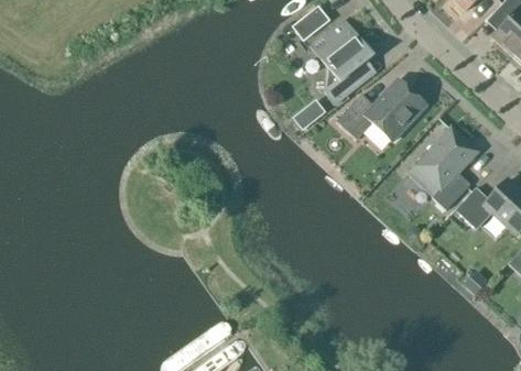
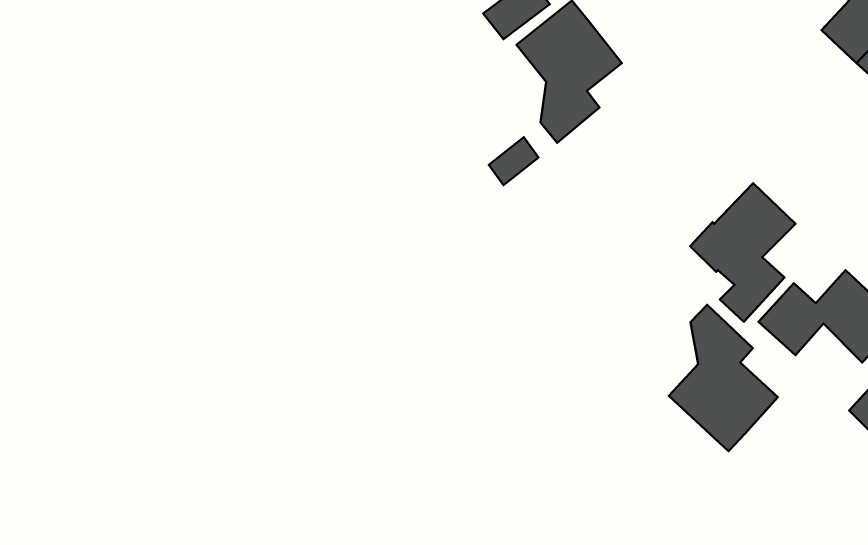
building: [336,79,426,141] -> none
building: none -> [669,305,778,451]

